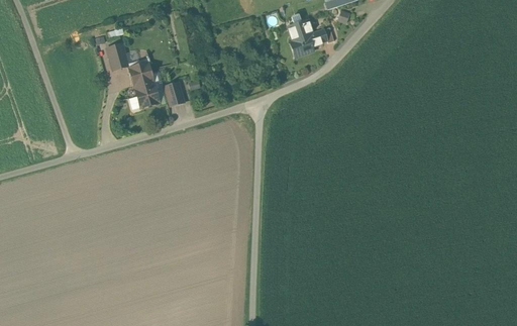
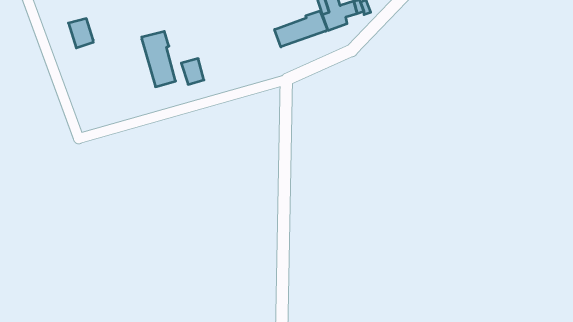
building: none -> [275,11,327,47]
building: [107,43,129,70] -> [68,19,93,48]

